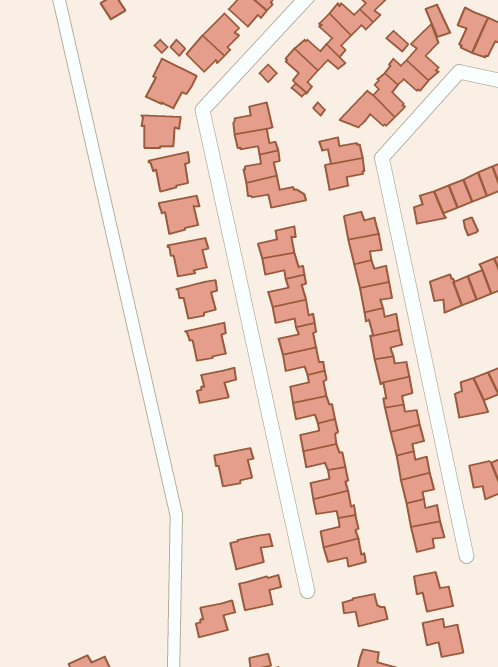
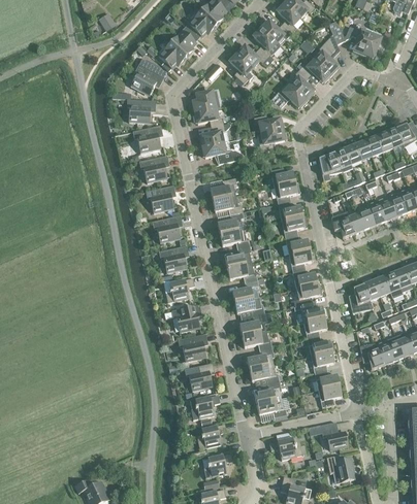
building: none -> [171,304,200,332]
building: none -> [185,363,213,390]
building: [196,601,235,637] -> [204,452,232,478]

